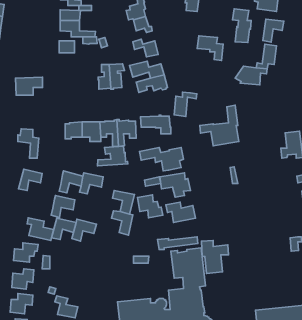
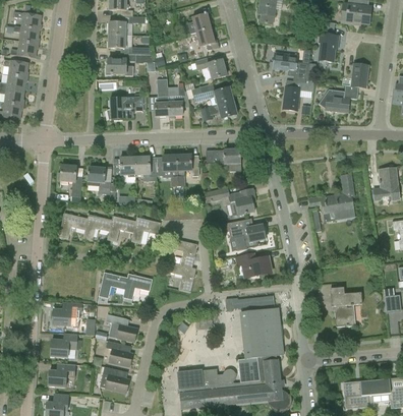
building: [263,19,284,42] -> none
building: [15,77,43,95] -> [109,97,141,118]
building: [174,92,197,117] -> [283,81,310,111]
building: [200,105,239,146] -> [308,173,355,222]
building: none -> [88,166,112,194]
building: [98,146,128,166] -> none
building: [138,195,163,218] -> none
building: [51,196,75,218] -> [82,215,111,241]
building: [27,218,53,241] -> [106,314,137,342]
building: [201,240,229,273] -> [330,287,362,326]
building: none -> [106,341,132,367]

